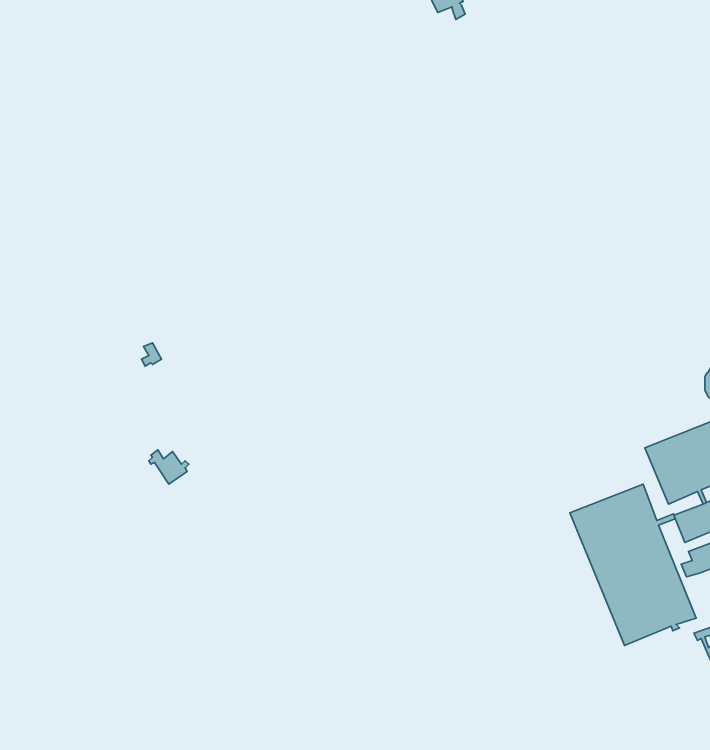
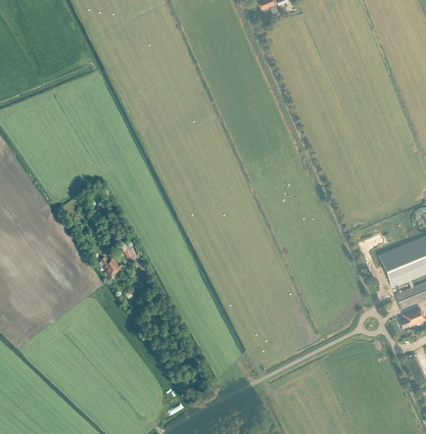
building: [570,484,696,645] -> none

